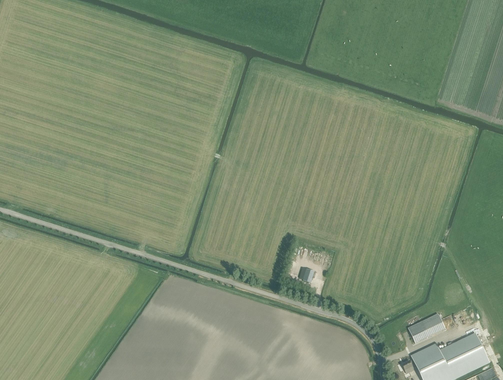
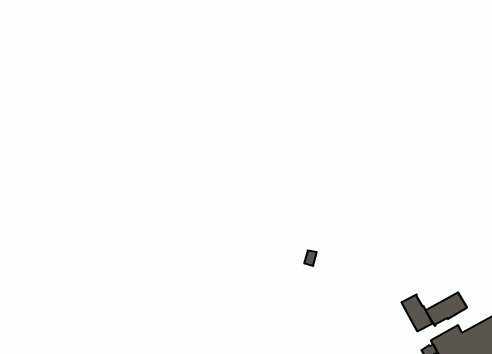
building: none -> [402,294,432,331]

